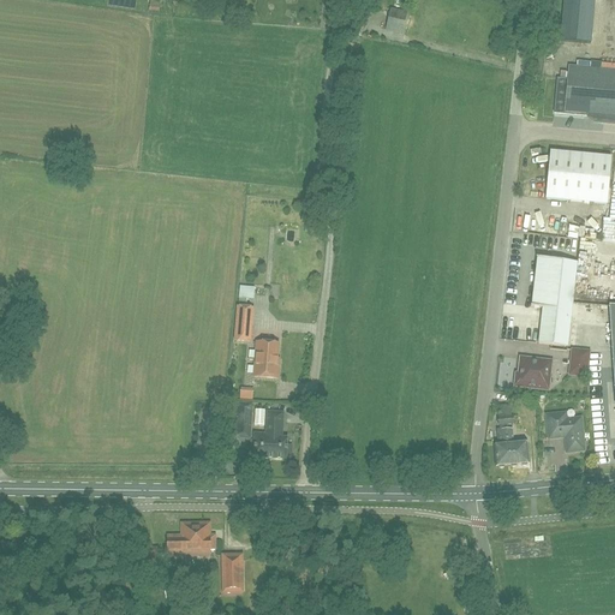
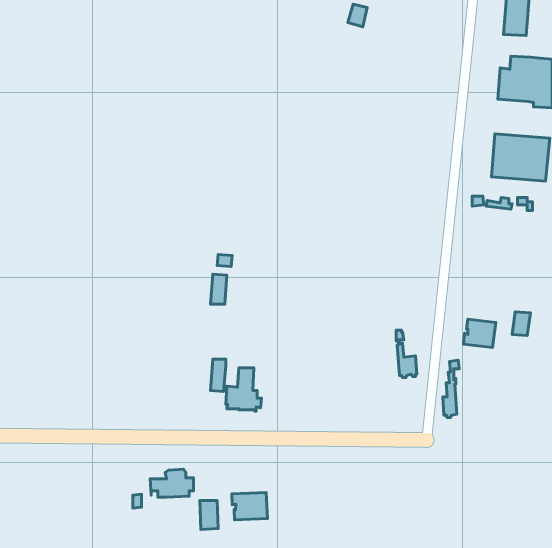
building: [531,255,577,344] -> none
building: [253,340,277,376] -> none
building: [504,411,527,464] -> [396,330,417,378]
building: [547,411,583,448] -> none
building: none -> [232,493,268,520]

